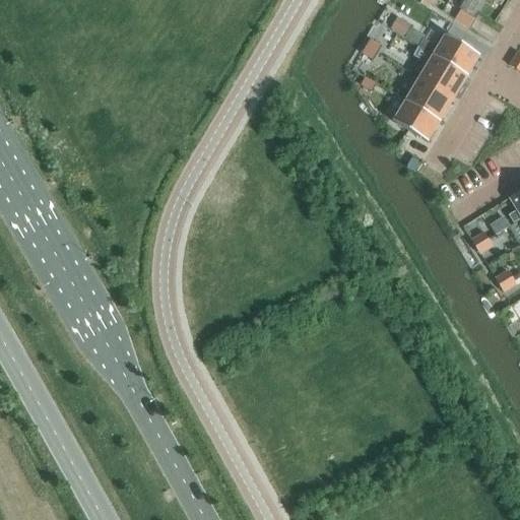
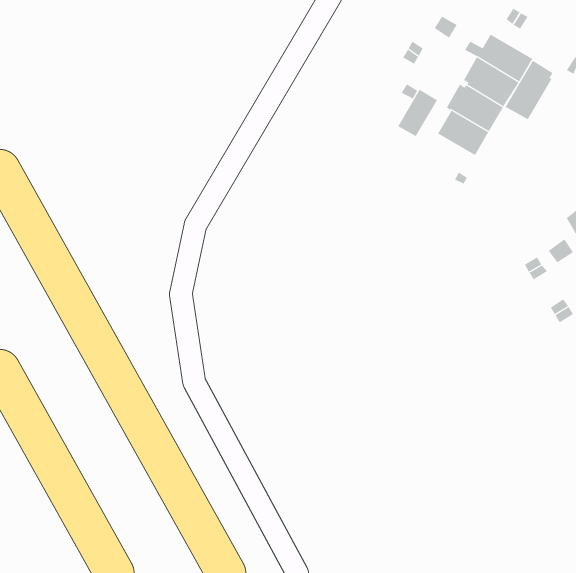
building: none -> [505,60,553,120]
building: none -> [398,89,438,137]

